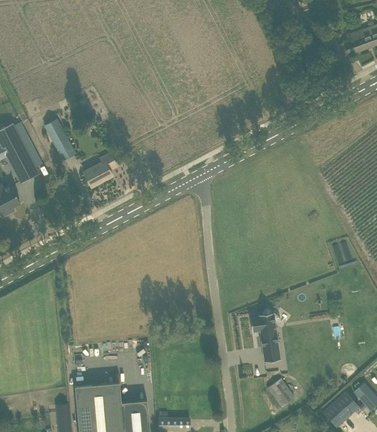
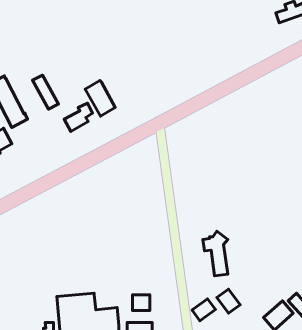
building: none -> [85,81,115,116]
building: none -> [132,295,150,311]
building: none -> [192,299,215,321]

